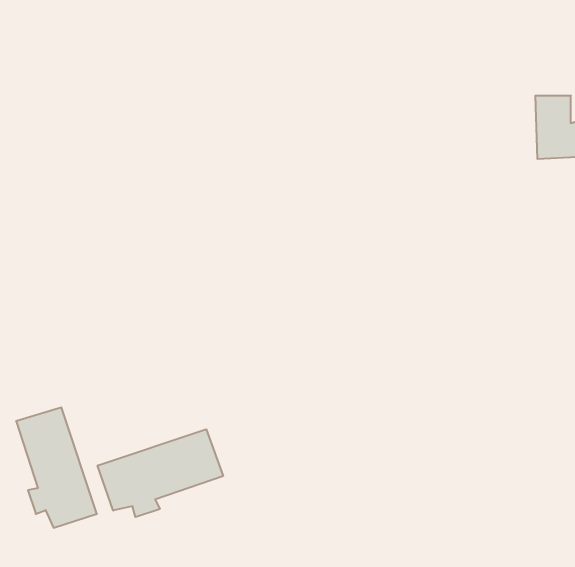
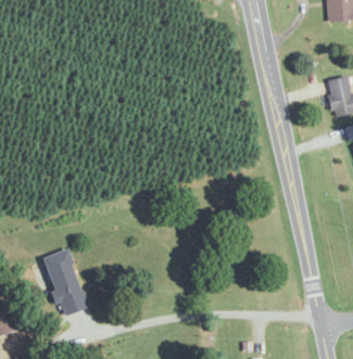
building: [98,429,223,517] -> none

